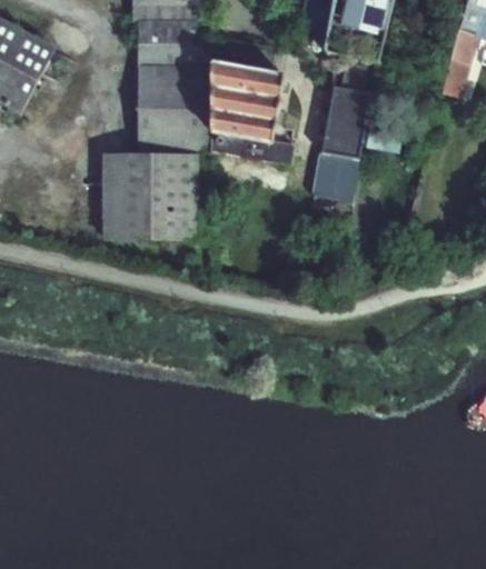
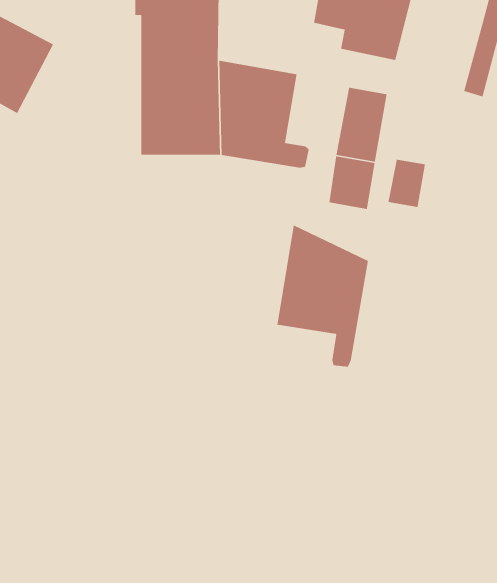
building: [105,151,215,236] -> none
building: none -> [388,159,426,208]
building: none -> [277,224,369,368]

